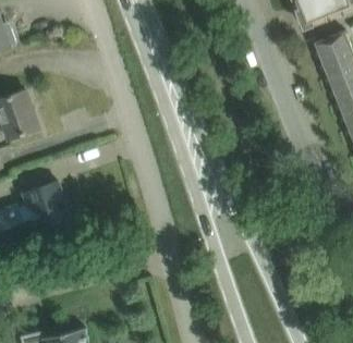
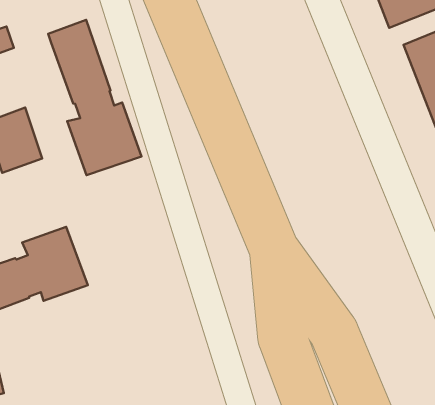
building: none -> [48,20,141,175]

